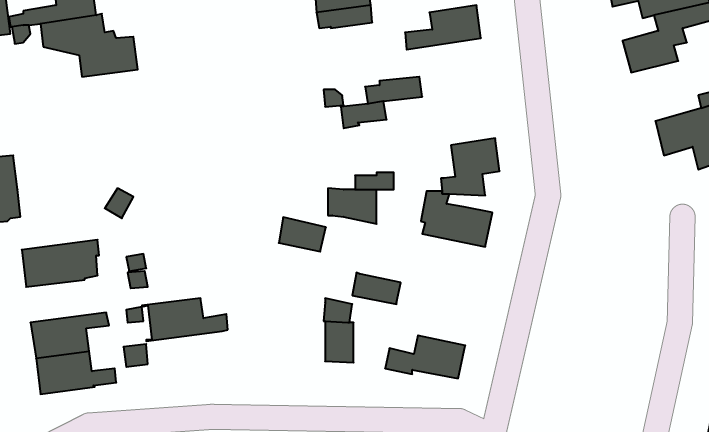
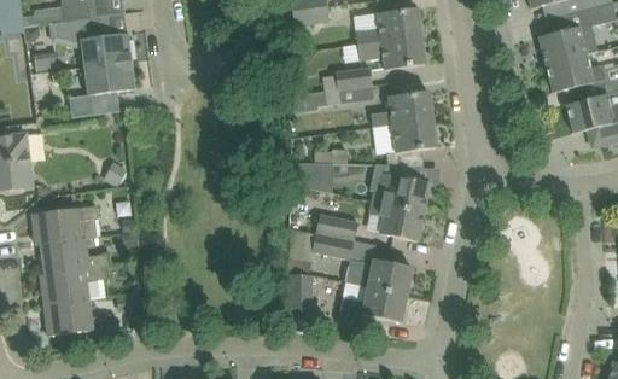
building: none -> [357,35,425,70]
building: none -> [547,54,605,93]
building: none -> [69,62,134,117]
building: none -> [371,92,432,127]
building: [279,217,326,252] -> [317,212,357,241]
building: none -> [368,200,424,241]
building: [142,298,228,341] -> [36,239,109,275]
building: none -> [344,258,412,295]

